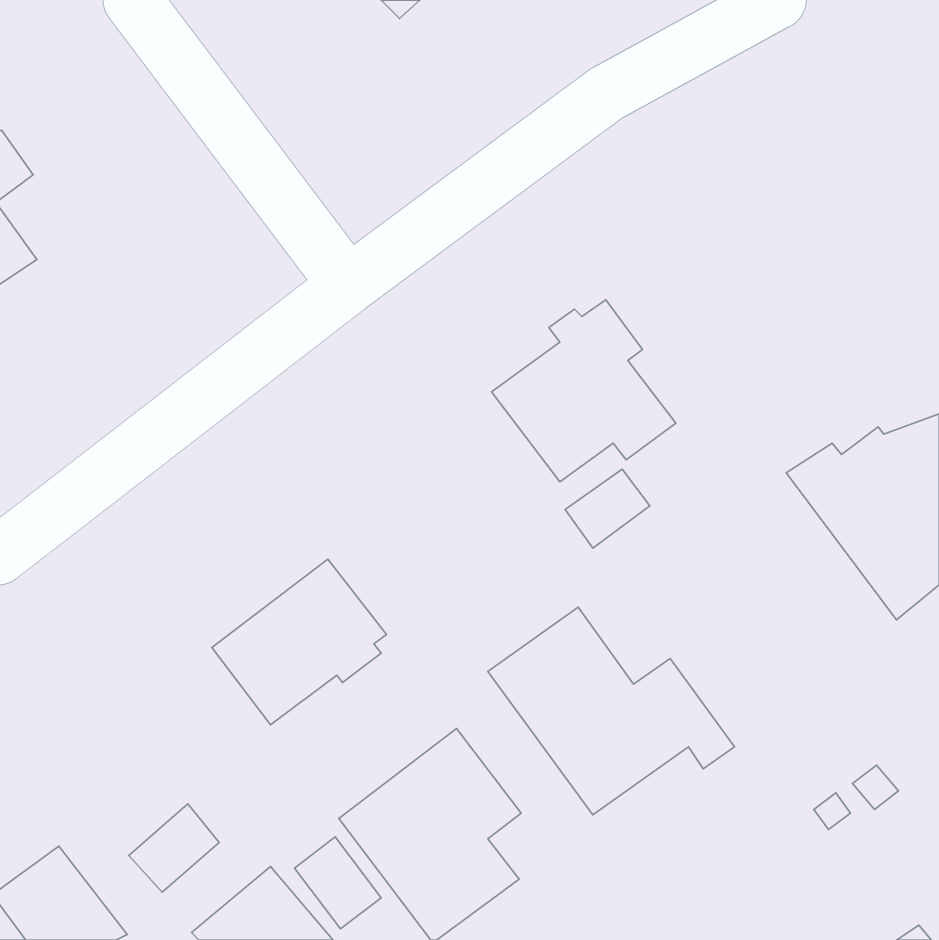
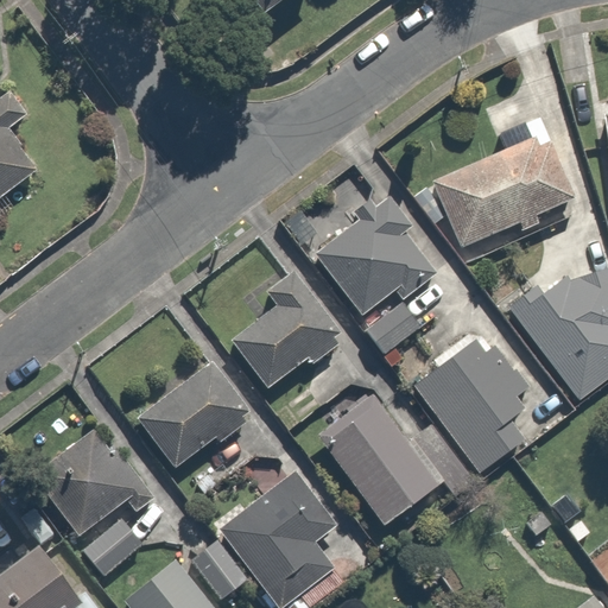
building: none -> [431,138,576,248]
building: none -> [229,272,340,390]
building: none -> [414,341,531,473]
building: none -> [33,430,153,536]

